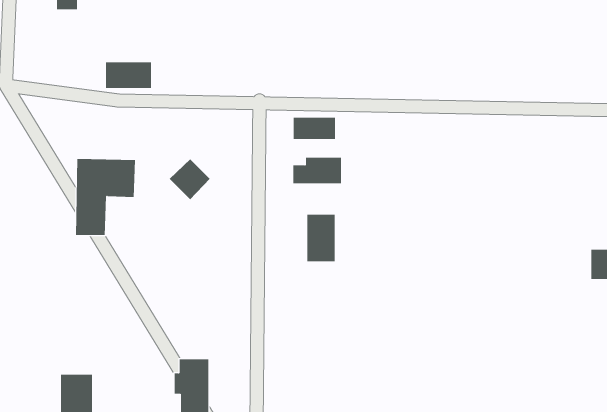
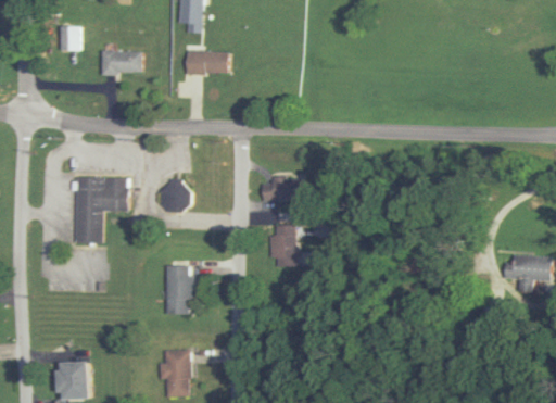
building: none -> [185,51,229,74]
building: [105,62,152,88] -> [101,51,141,74]
building: [293,117,336,140] -> none
building: none -> [166,265,191,314]

